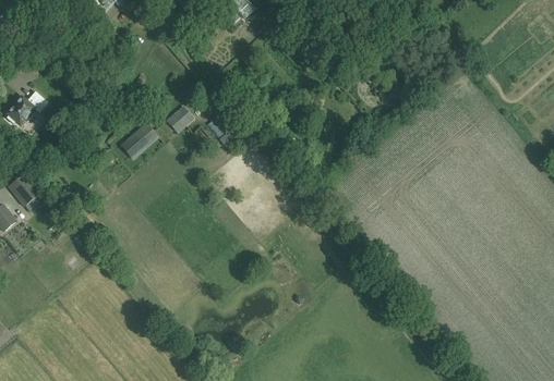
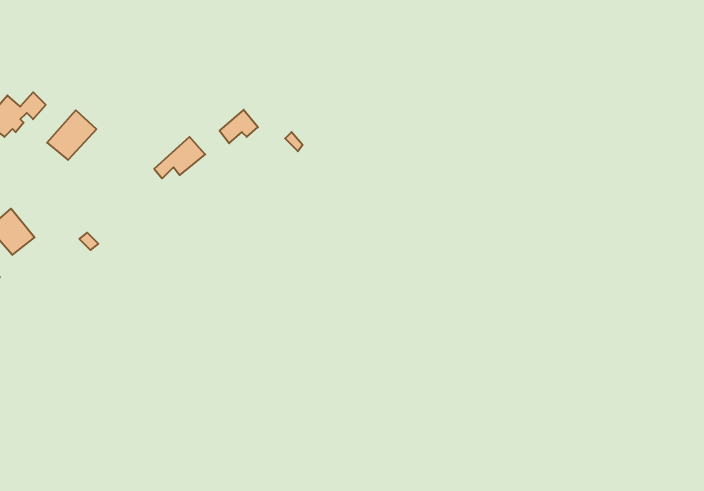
building: none -> [47,110,96,160]

